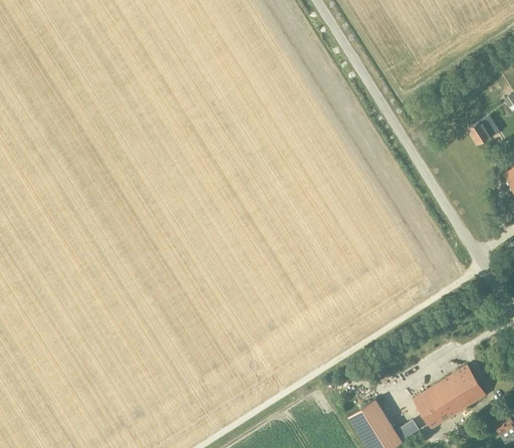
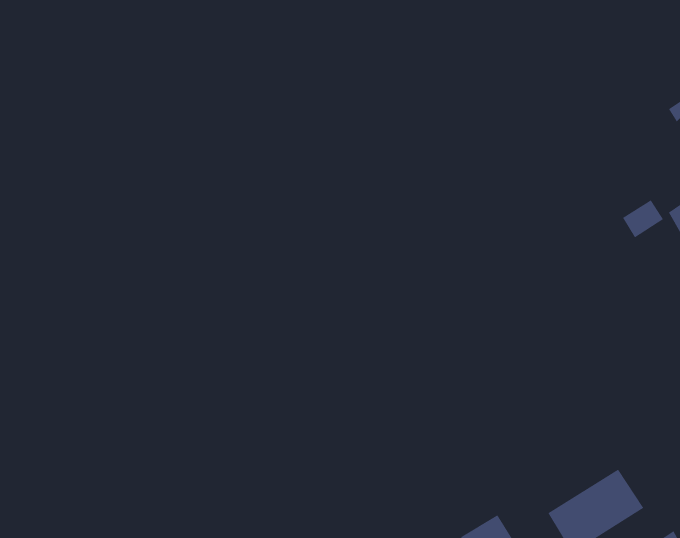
building: [467,116,498,145] -> [622,199,664,238]

